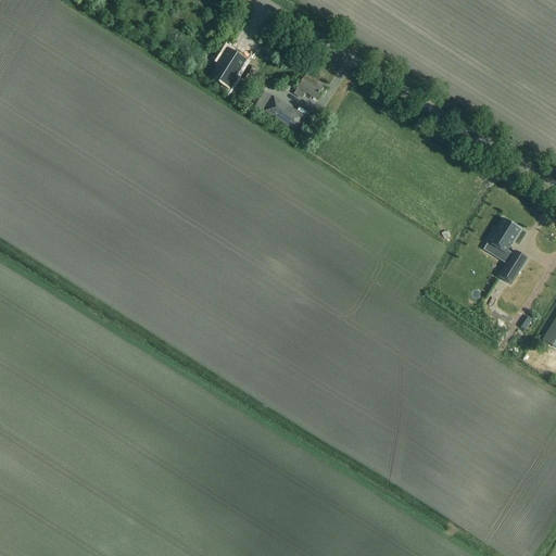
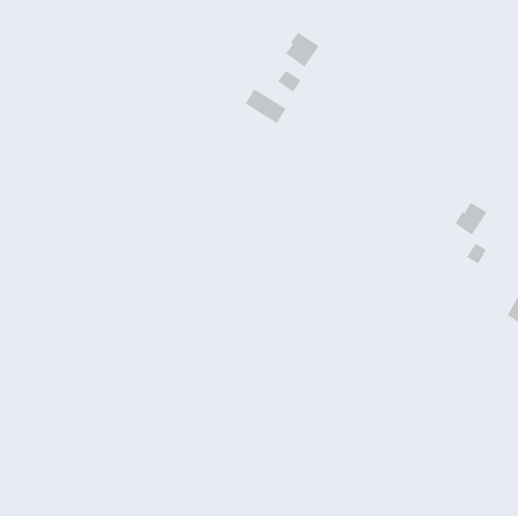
building: none -> [285,32,319,68]
building: [212,46,247,88] -> none

